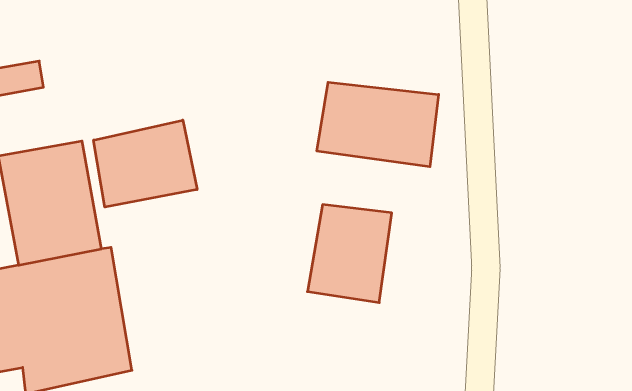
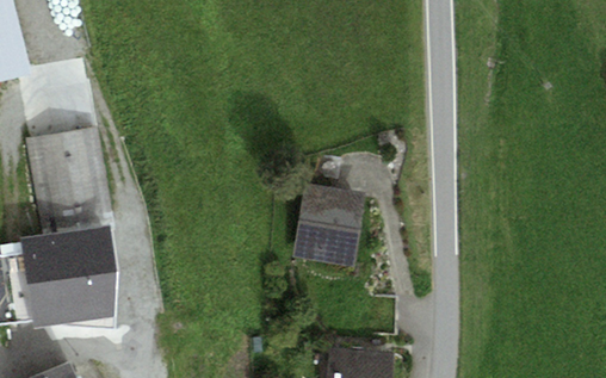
building: [317,82,439,167] -> none
building: [94,120,197,207] -> none

